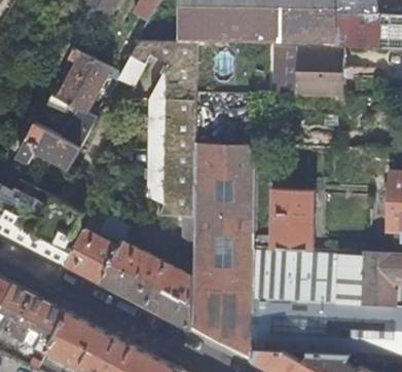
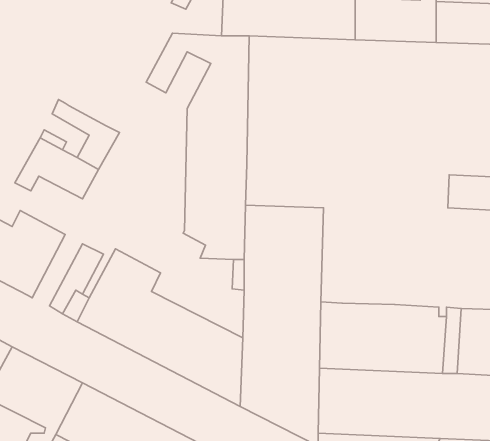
building: [58,47,111,113] -> none
building: [272,48,342,98] -> none
building: [194,143,255,177] -> none
building: [269,189,315,252] -> none

